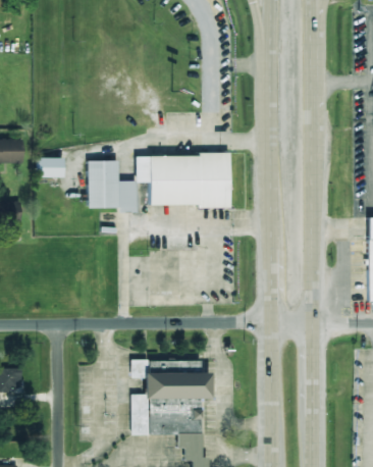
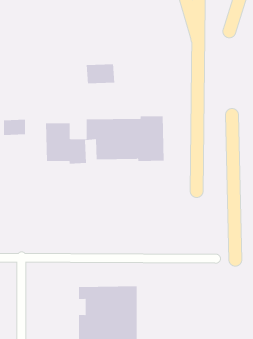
building: none -> [86,64,115,84]

